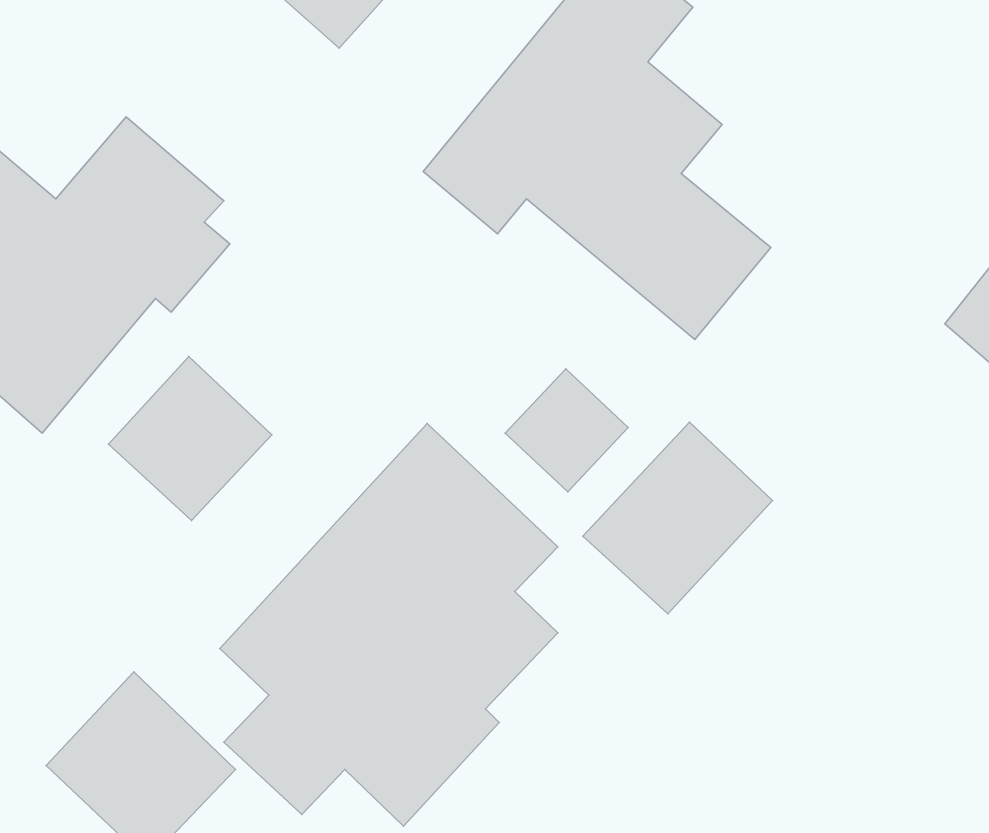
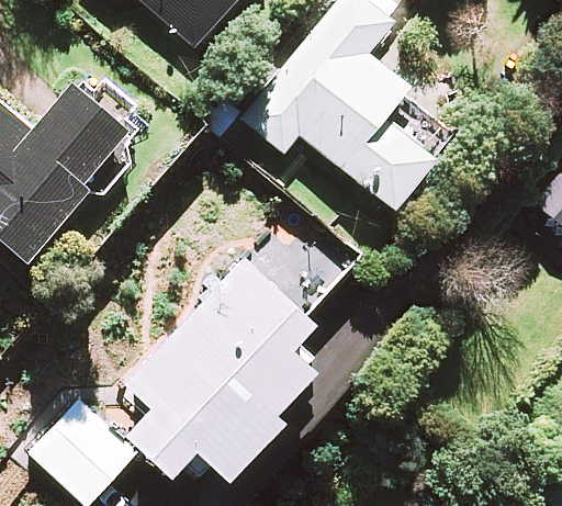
building: [108,357,272,521] -> none
building: [583,422,773,614] -> none

